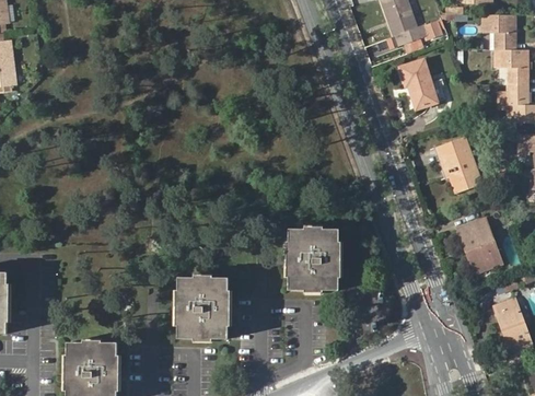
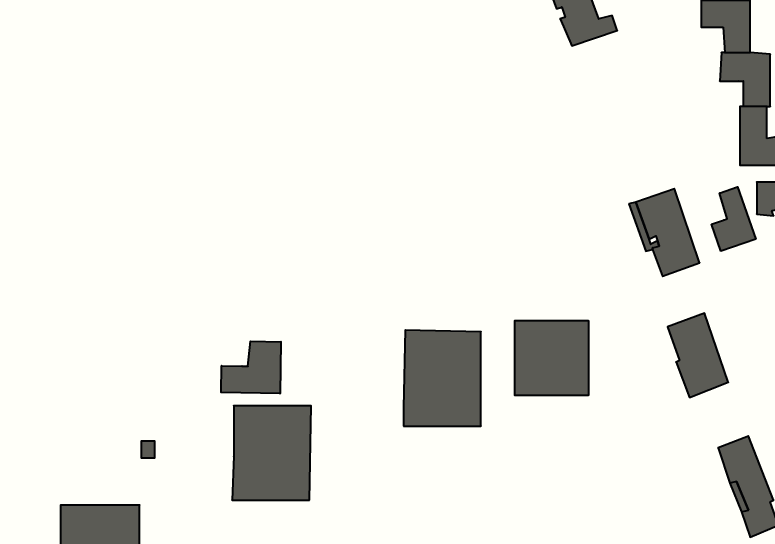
building: [402,60,439,107] -> none
building: none -> [712,187,756,251]
building: none -> [515,321,588,395]
building: none -> [221,341,281,394]

